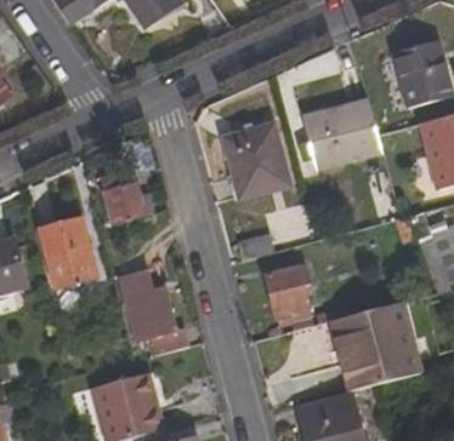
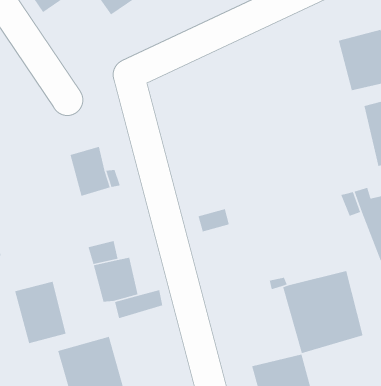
building: [305,101,382,166] -> none
building: [225,124,289,195] -> none
building: [40,218,97,287] -> [14,281,66,344]
building: [266,265,316,331] -> none

